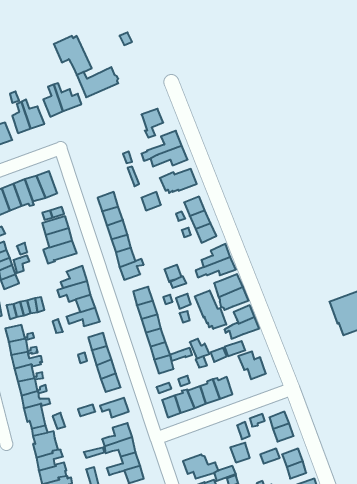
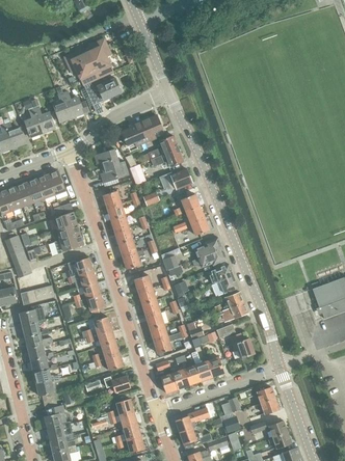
building: none -> [83,38,112,79]
building: none -> [121,123,148,146]
building: none -> [97,148,128,183]
building: [195,290,226,329] -> none
building: none -> [175,407,209,432]

